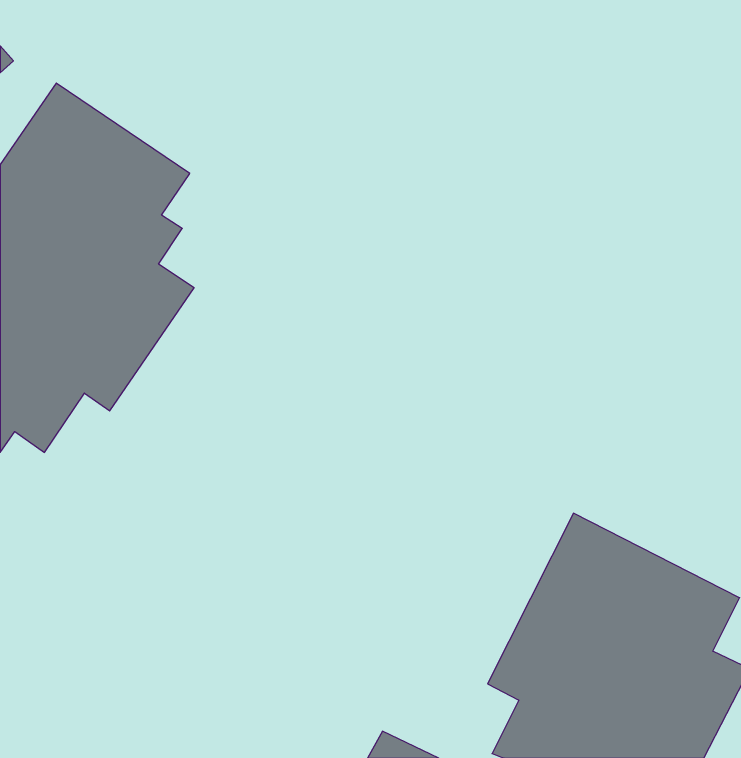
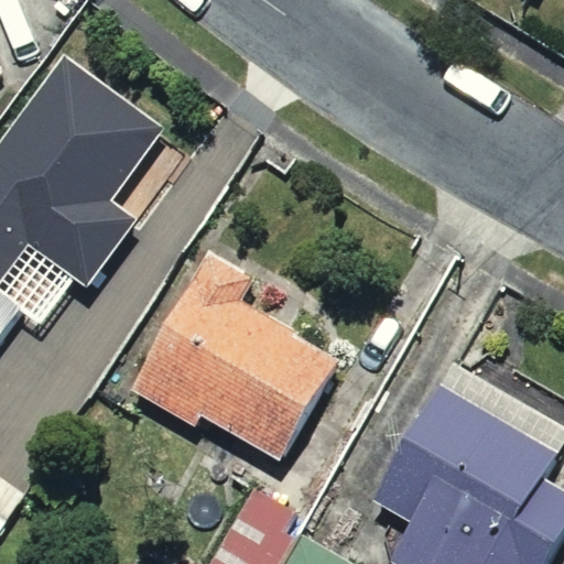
building: none -> [120,253,326,459]

